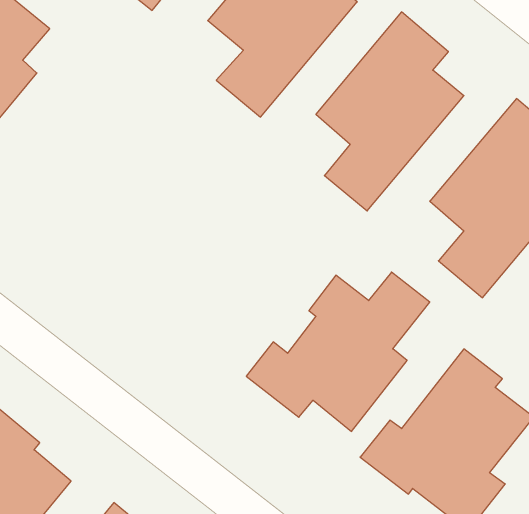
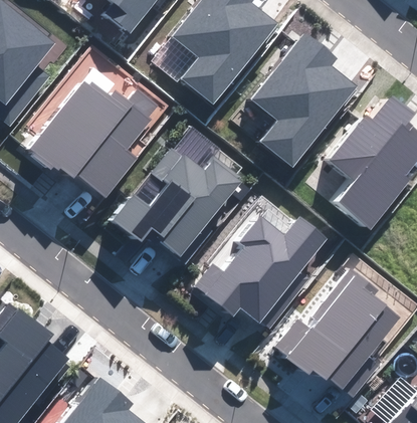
building: none -> [31,77,161,195]
building: none -> [114,148,241,254]

